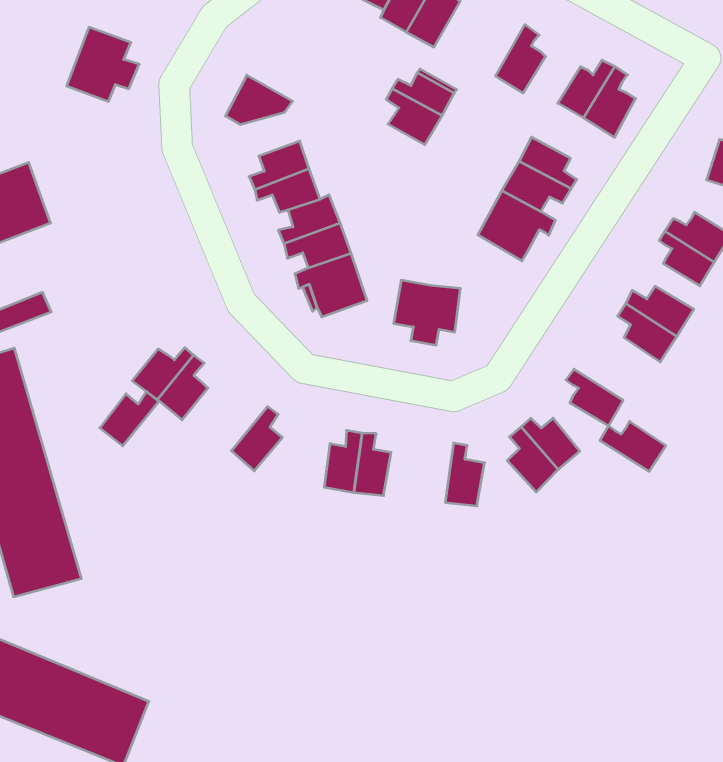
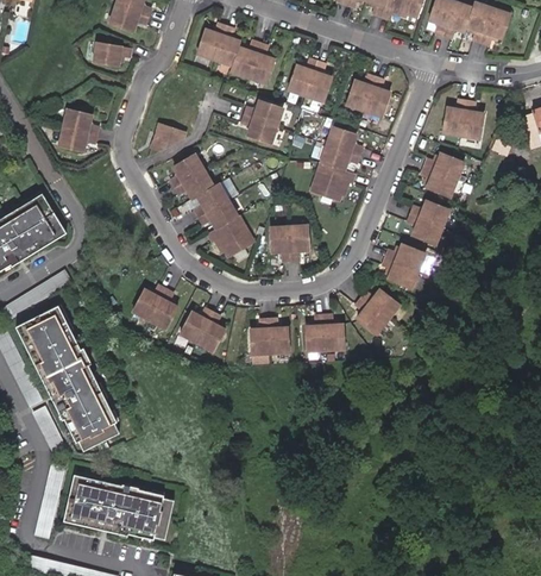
building: none -> [291,61,321,95]
building: [100,391,159,446] -> [177,308,209,343]
building: [600,421,666,471] -> [385,245,424,273]
building: none -> [304,315,323,351]

